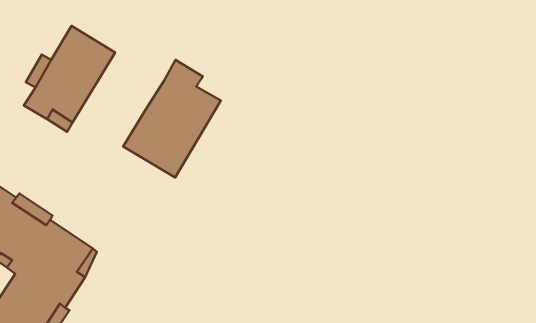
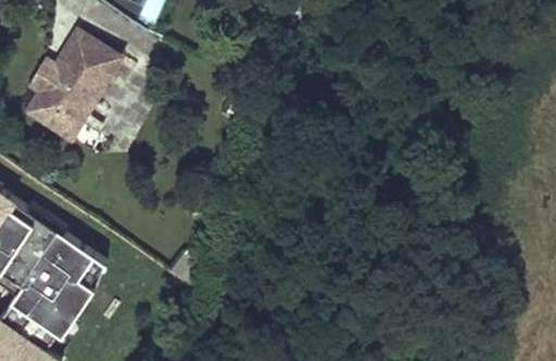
building: [123,60,221,177] -> none

